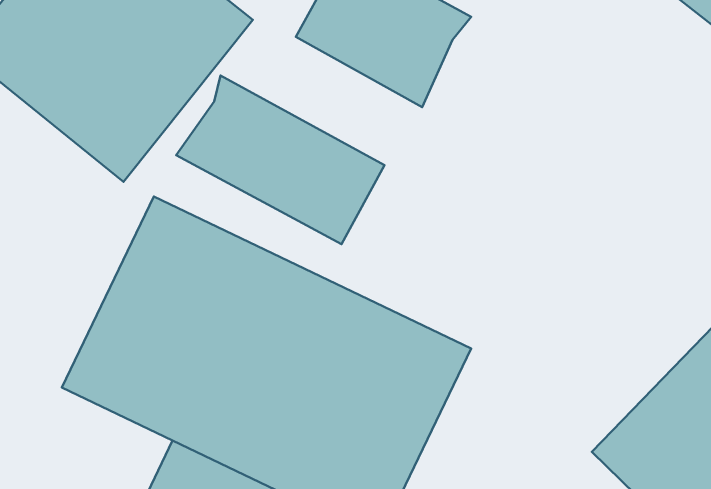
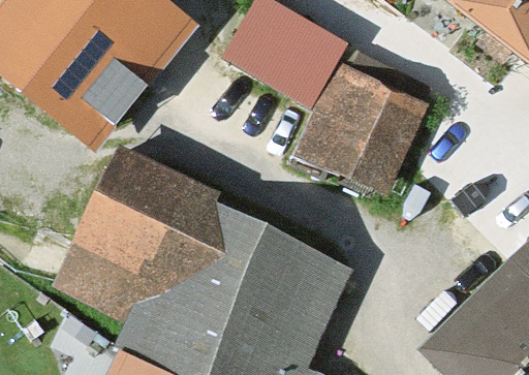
building: none -> [285,49,434,198]
building: [176,76,384,244] -> none

